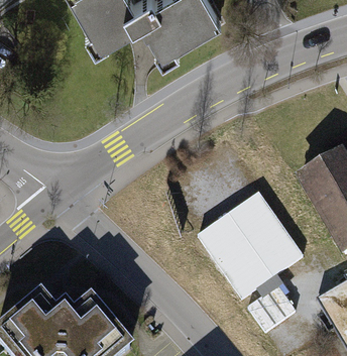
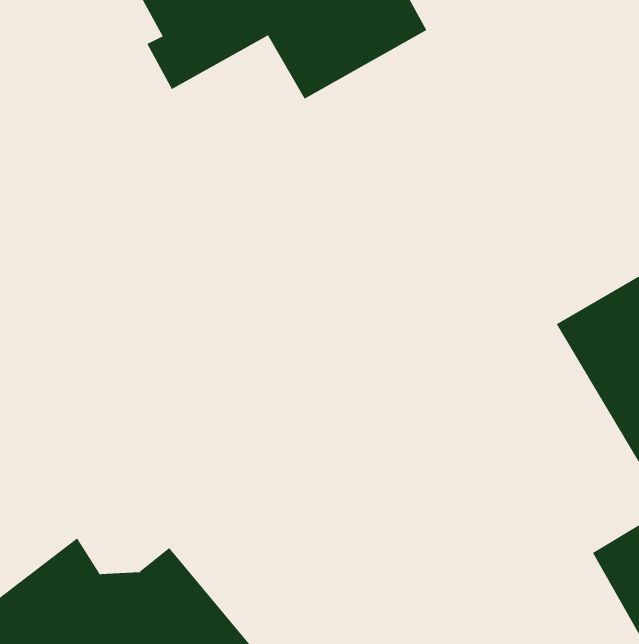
building: [197,195,305,335] -> none

